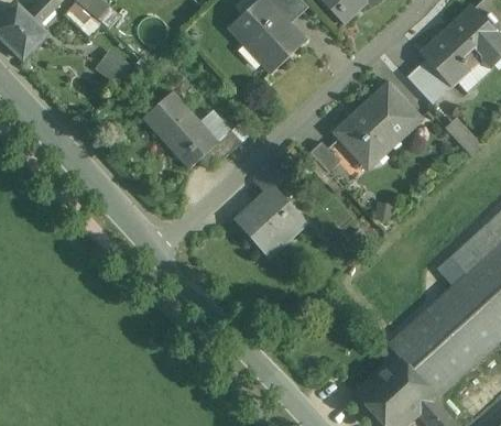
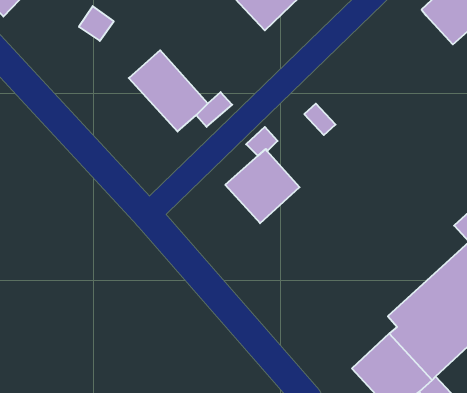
building: [406,58,450,103] -> none
building: [339,84,418,166] -> none

